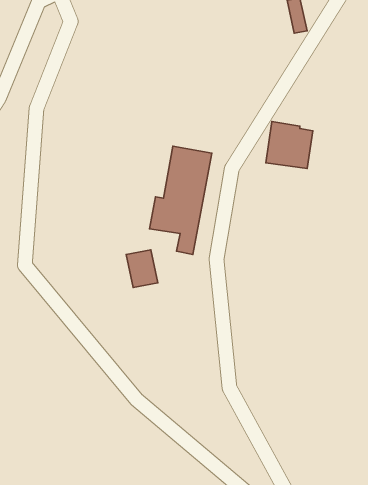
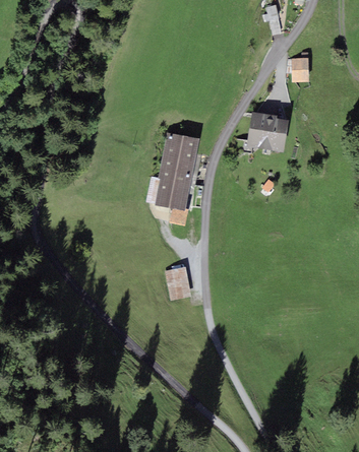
building: none -> [291,58,307,81]
building: [126,250,158,288] -> [164,267,191,300]

